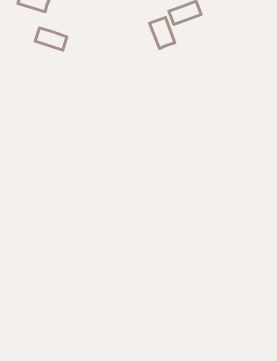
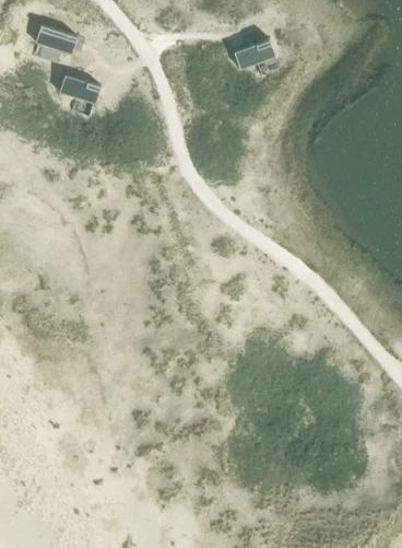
building: [149,18,175,48] -> none

